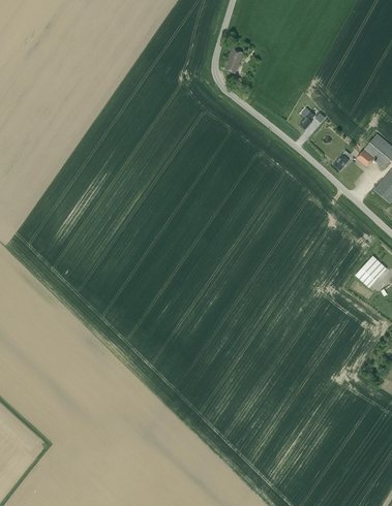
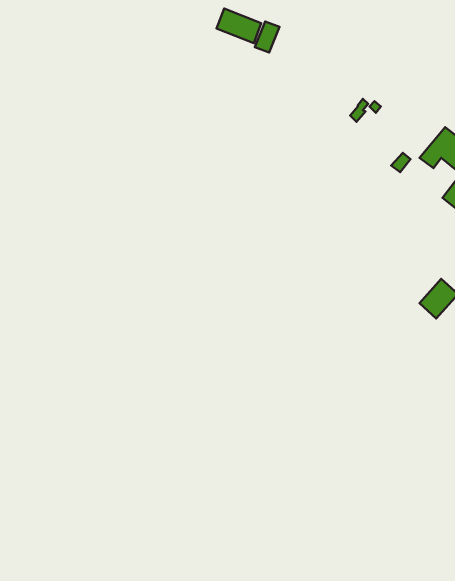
building: none -> [217,8,261,43]

